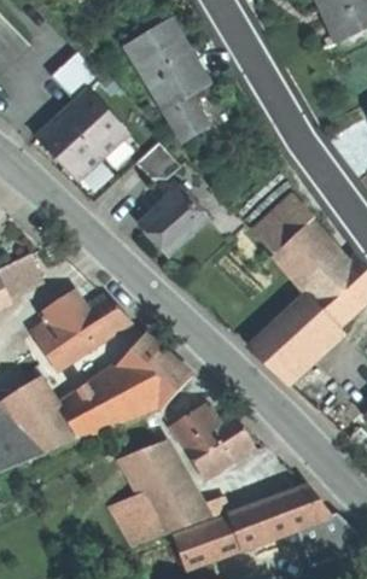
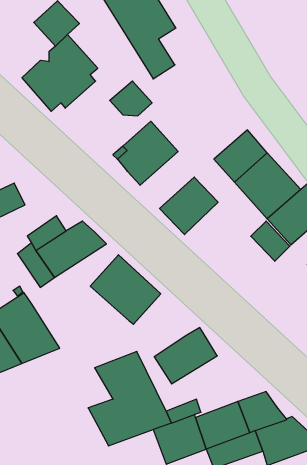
building: [252,314,318,378] -> [160,177,218,235]
building: [59,369,156,438] -> none
building: [170,402,220,448] -> none

